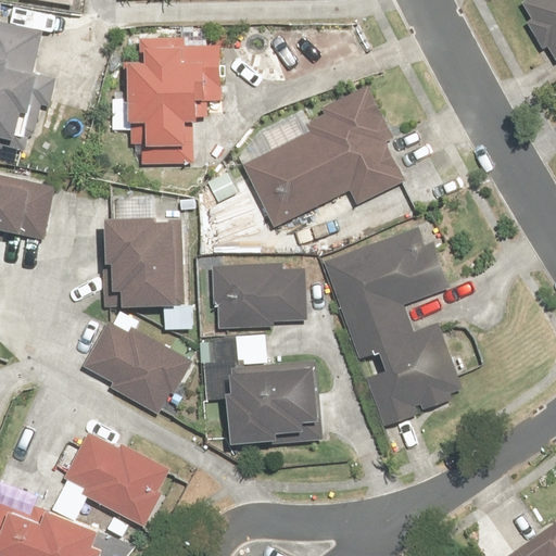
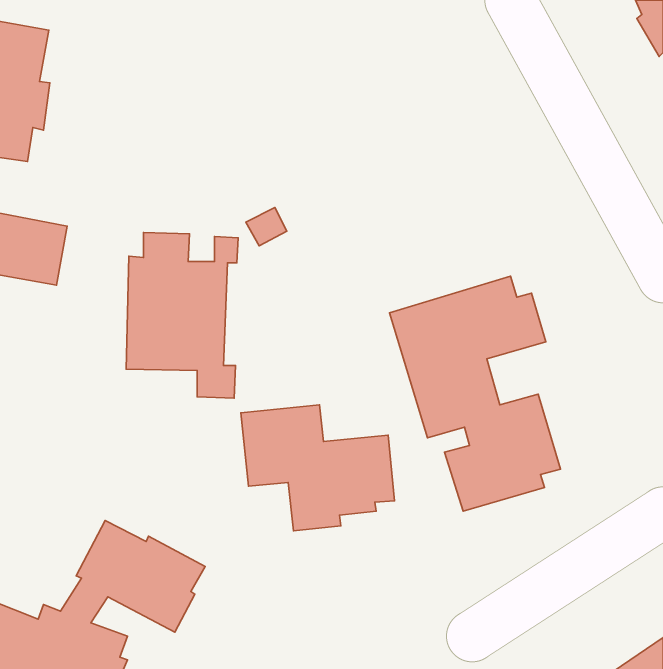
building: [110,38,225,167] -> none
building: [243,85,405,226] -> none
building: [211,263,308,329] -> none
building: [83,320,193,415] -> none

